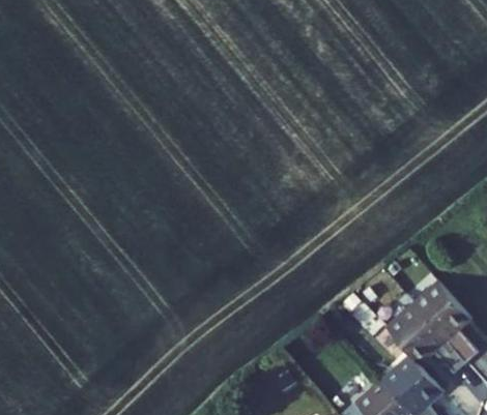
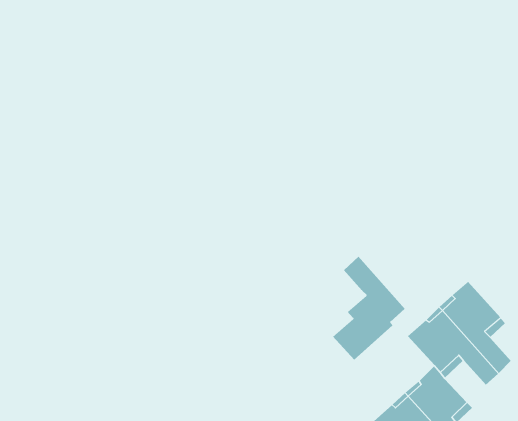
building: none -> [332,256,406,360]

